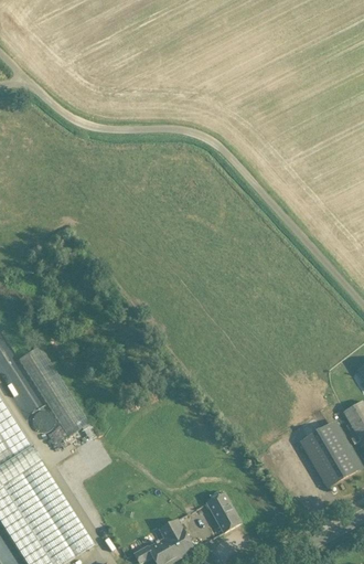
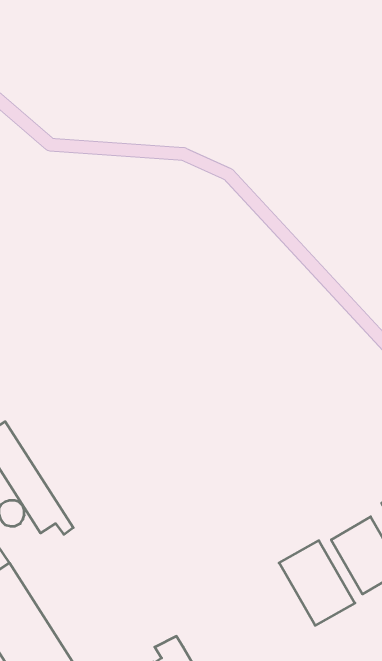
building: none -> [279,541,355,625]
building: [206,491,242,532] -> none

